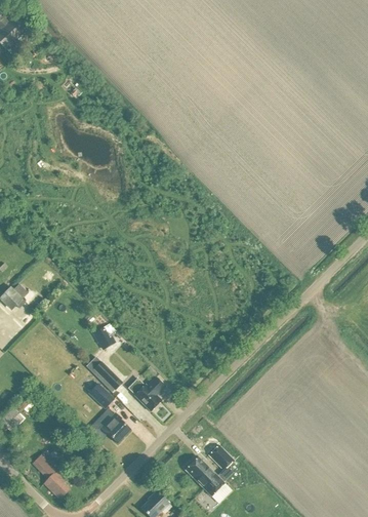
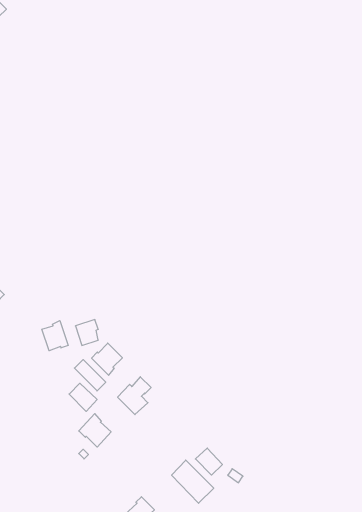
building: none -> [42,321,68,351]
building: none -> [92,343,122,375]
building: [33,451,70,496] -> none

